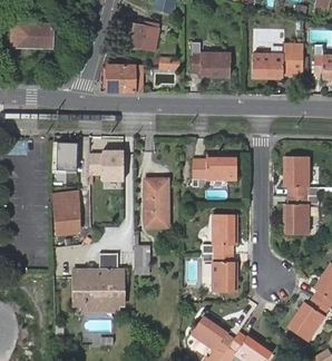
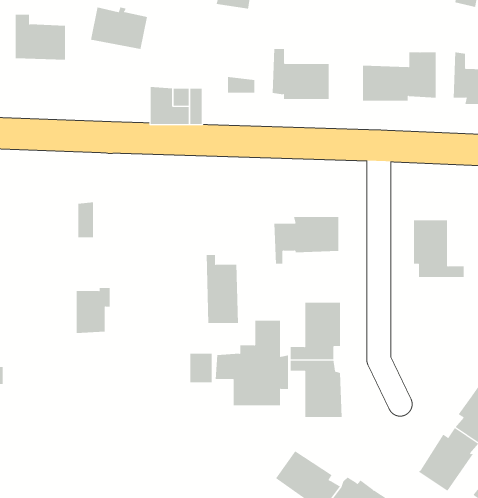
building: [120,23,159,52] -> [90,7,148,50]
building: [90,149,125,182] -> none
building: [284,196,320,235] -> none
building: [74,254,124,312] -> [215,320,289,406]

